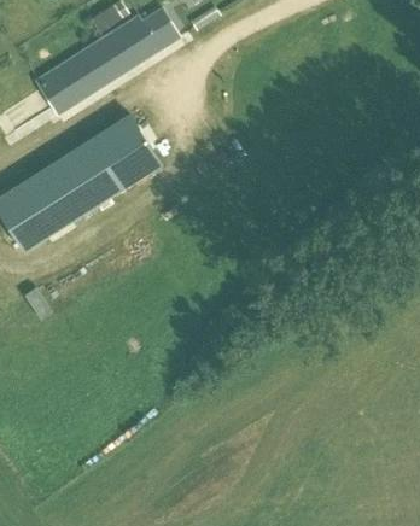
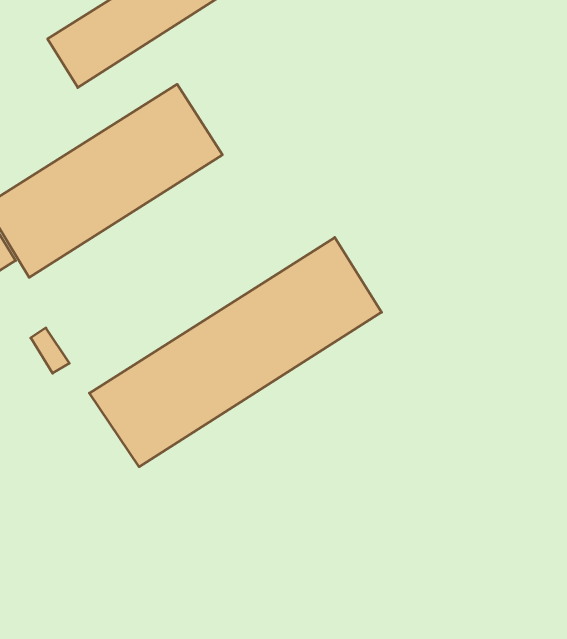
building: none -> [89,237,382,467]

